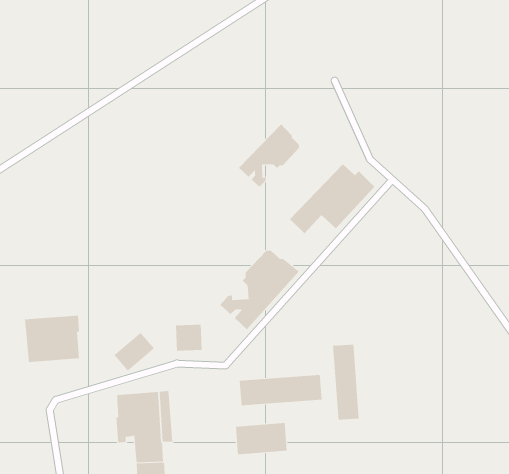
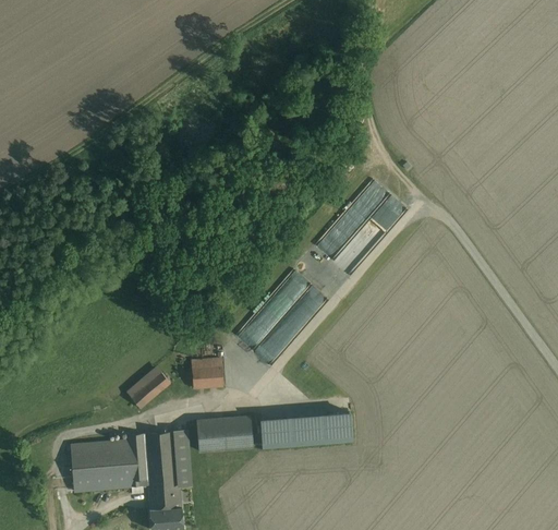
building: [238,123,300,188] -> none
building: [24,315,80,363] -> [70,439,130,491]
building: [333,344,359,421] -> none
building: [235,423,288,455] -> [195,415,252,450]

